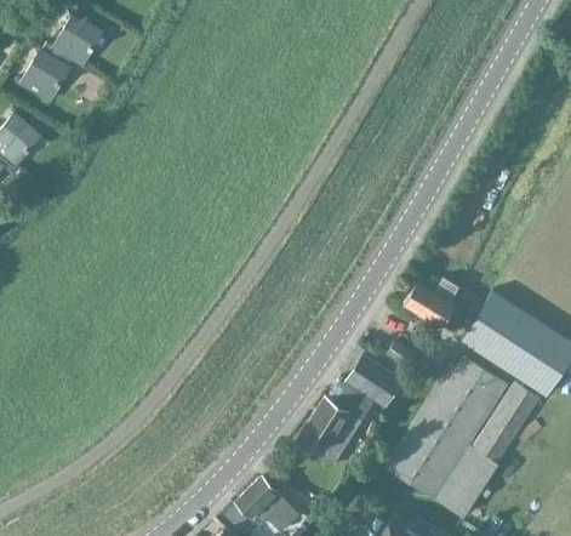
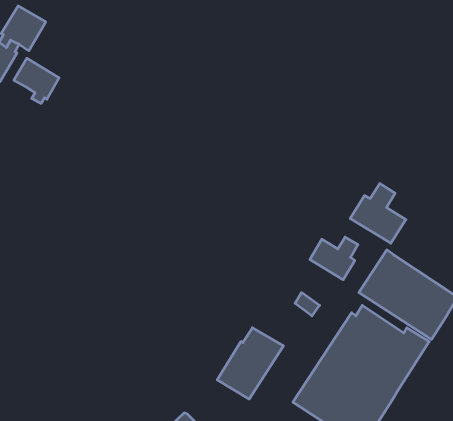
building: none -> [14,58,59,103]
building: none -> [350,184,406,243]
building: [347,355,404,406] -> none

